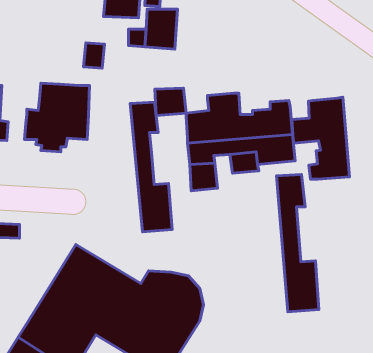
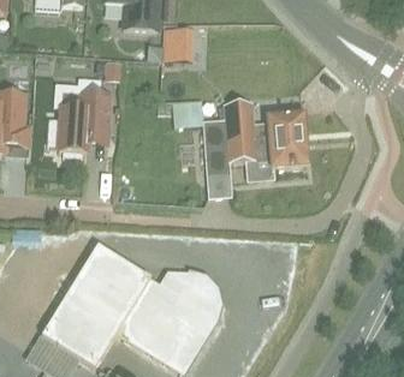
building: [292,97,350,179] -> none
building: [130,102,172,232] -> none
building: [277,175,319,312] -> none

